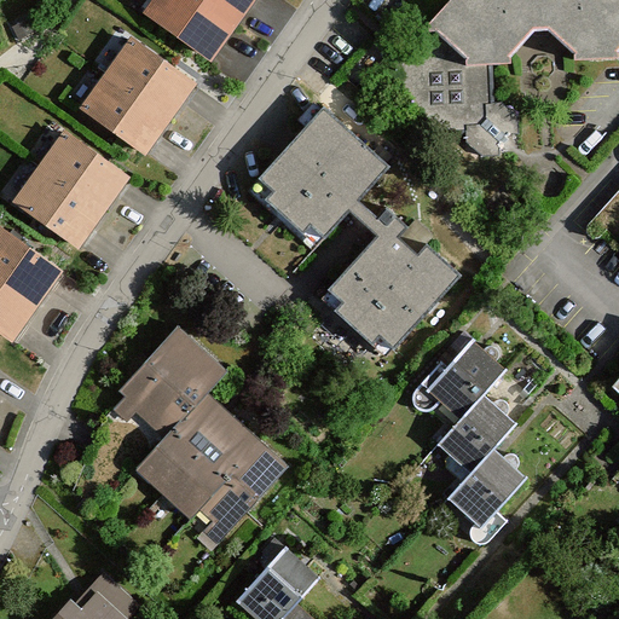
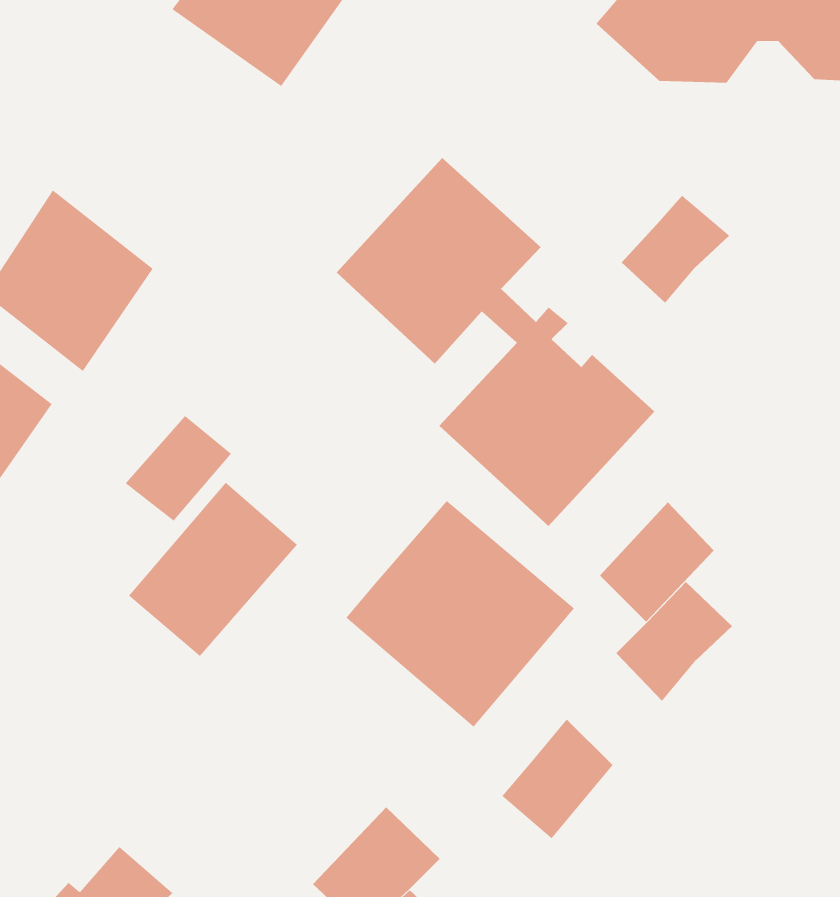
building: [81,40,196,152] -> none
building: none -> [621,195,730,303]
building: none -> [125,415,232,522]
building: [138,388,291,540] -> [346,500,575,727]
building: [446,446,521,527] -> [501,718,613,839]

